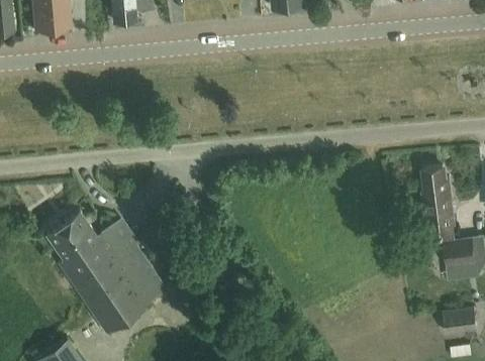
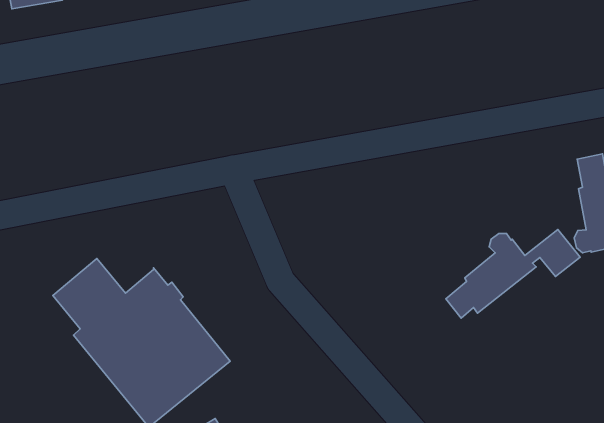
building: none -> [446,230,580,318]

